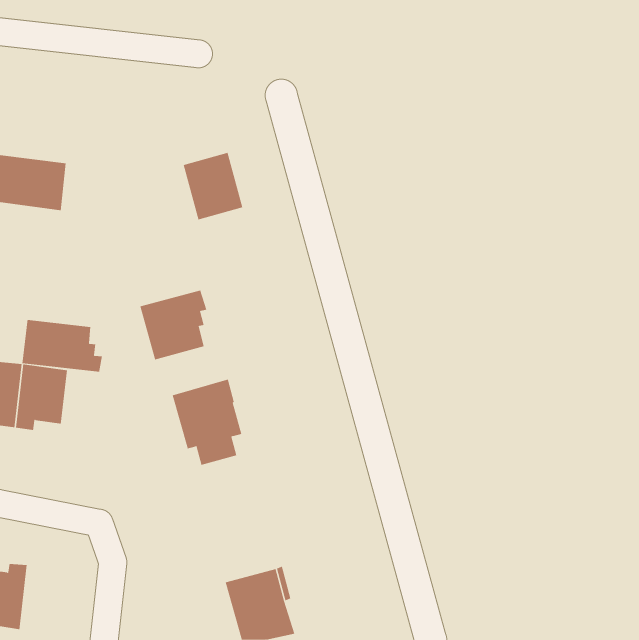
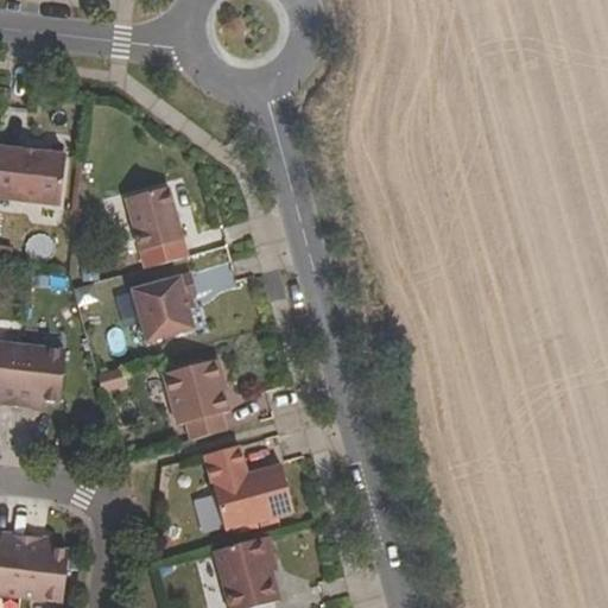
building: [183,152,243,220] -> [125,186,182,251]
building: [22,319,102,373] -> none
building: none -> [203,445,293,532]
building: none -> [19,534,68,601]

